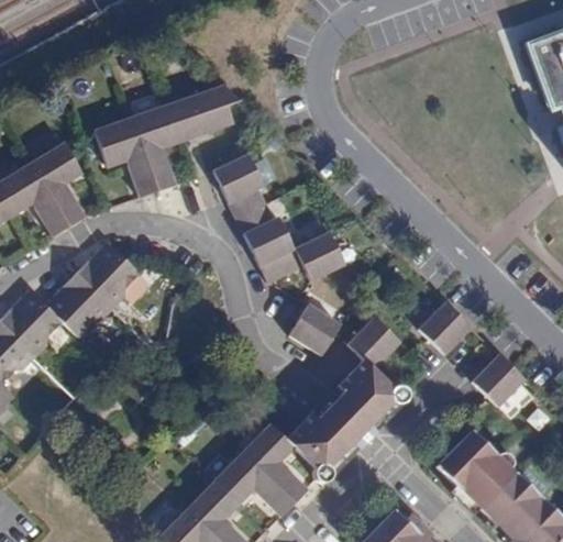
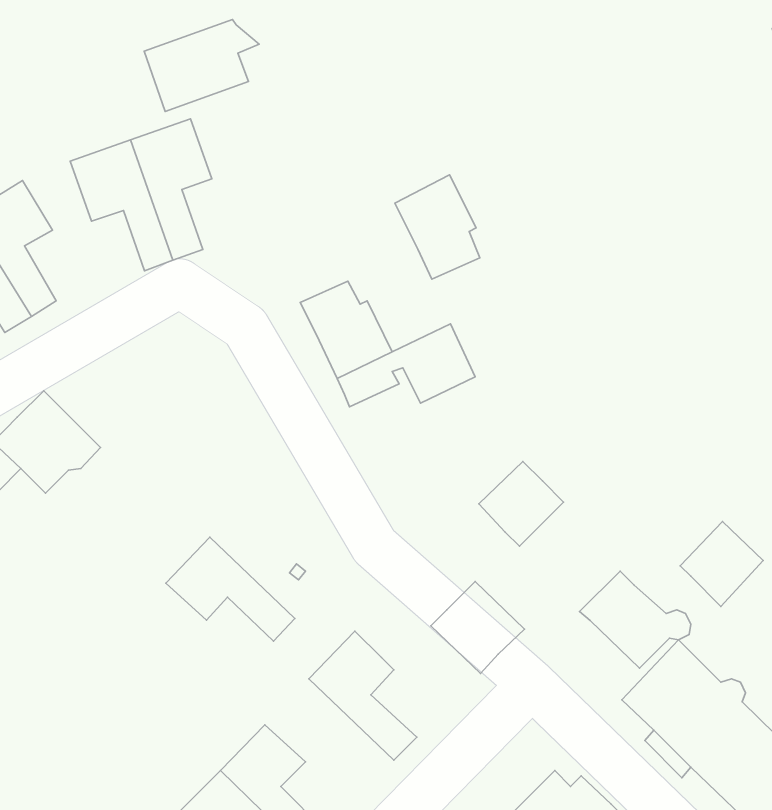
building: [168,84,240,141] -> [144,20,259,111]
building: [213,153,266,218] -> [395,175,480,279]
building: [77,242,140,308] -> none
building: [419,301,472,354] -> none
building: [289,303,341,355] -> none
building: [339,361,408,421] -> [579,571,691,668]
building: [287,412,349,482] -> none
building: [214,452,295,517] -> [166,537,295,641]

